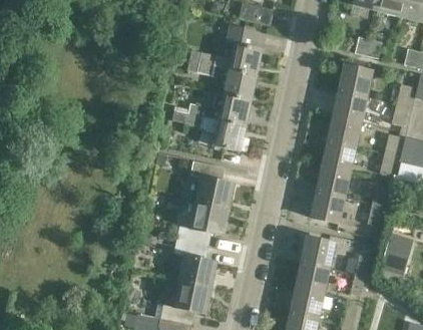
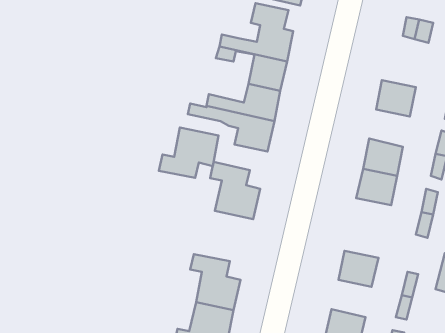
building: [338,64,373,96] -> none
building: [327,115,362,147] -> none
building: [311,192,346,223] -> none
building: [176,203,228,246] -> [159,127,219,178]
building: [295,262,329,294] -> none

